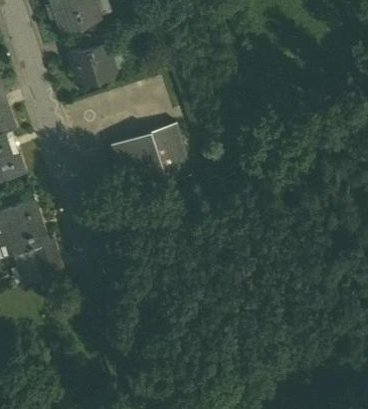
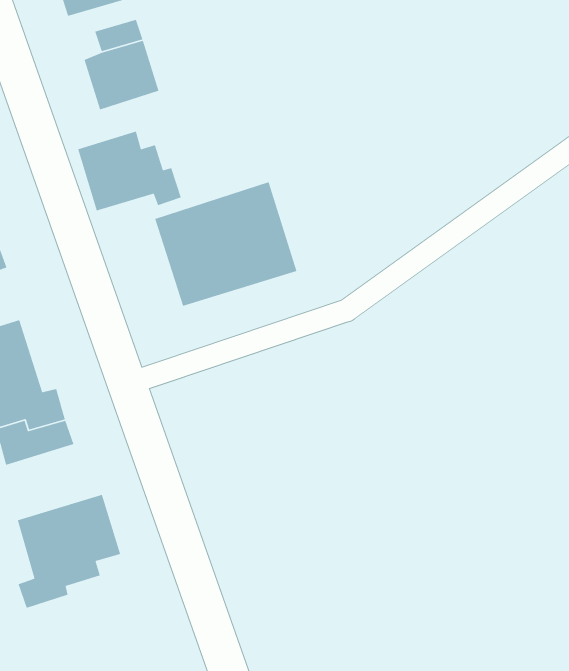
building: none -> [77,131,182,211]
building: none -> [17,494,121,609]

